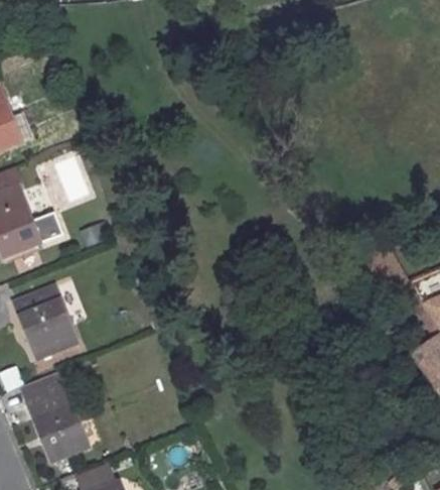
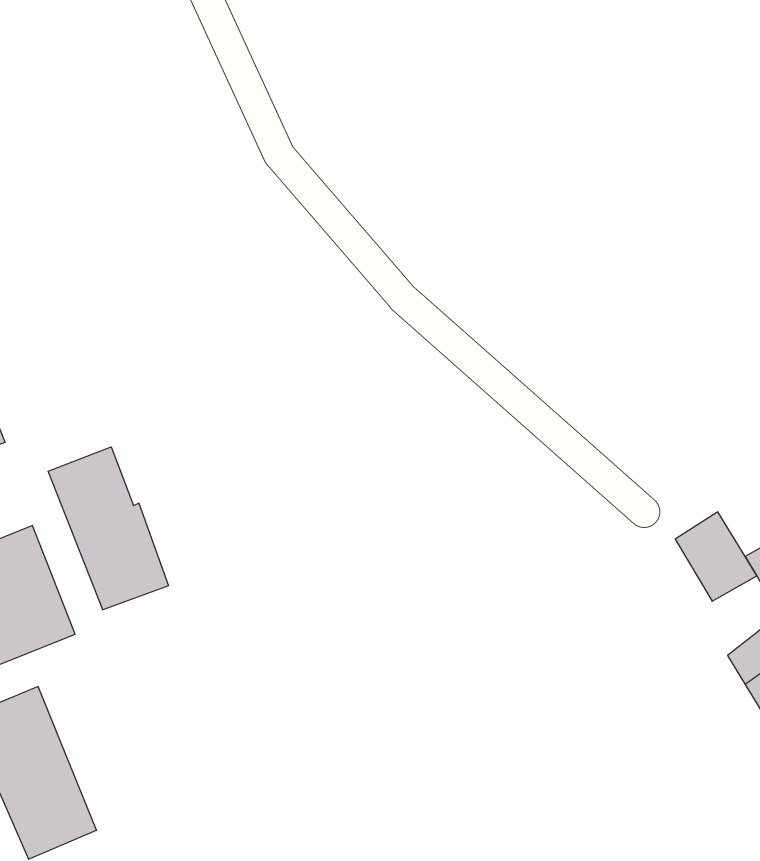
building: none -> [48,447,168,610]

